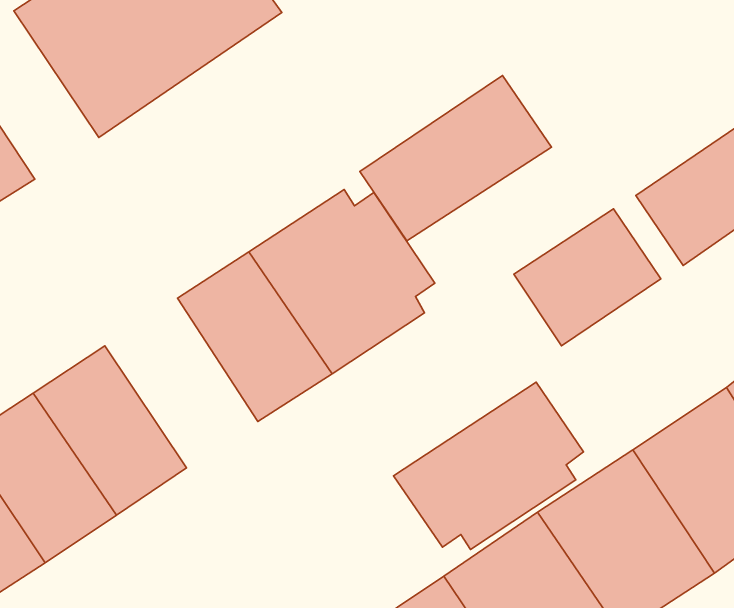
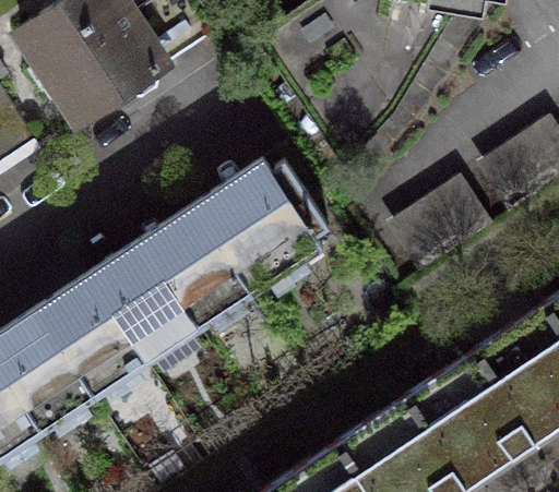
building: [360,76,552,241] -> none
building: none -> [83,245,195,370]
building: [394,382,583,550] -> none

